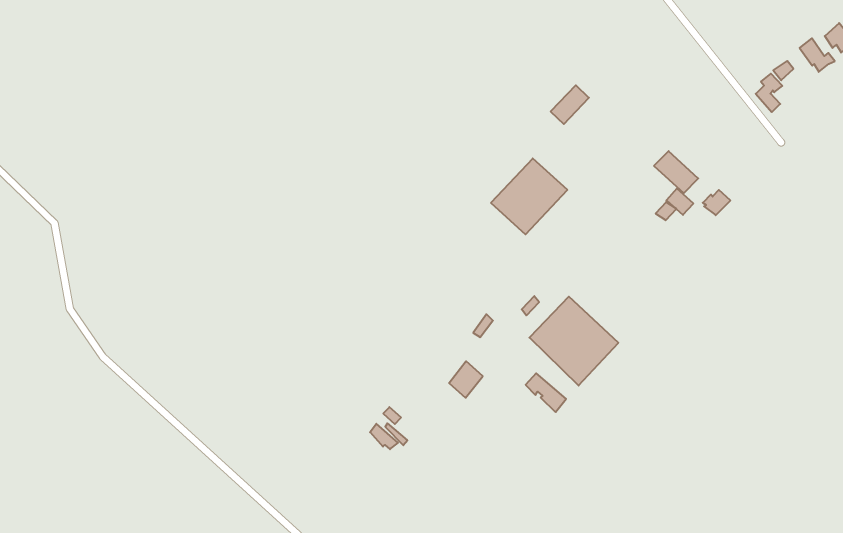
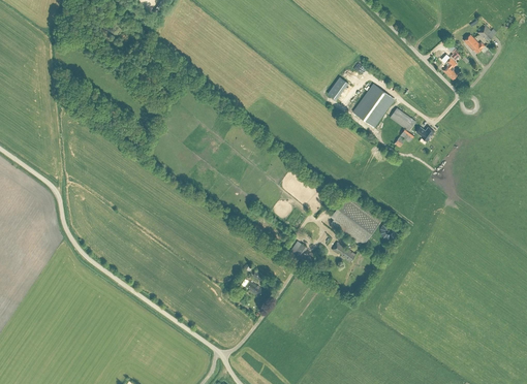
building: [491,158,567,234] -> [352,84,395,127]

